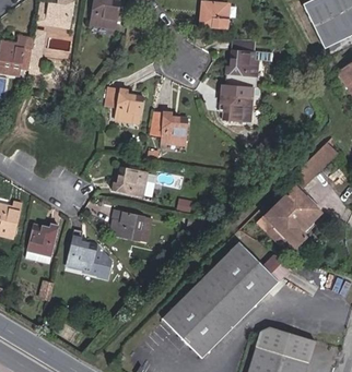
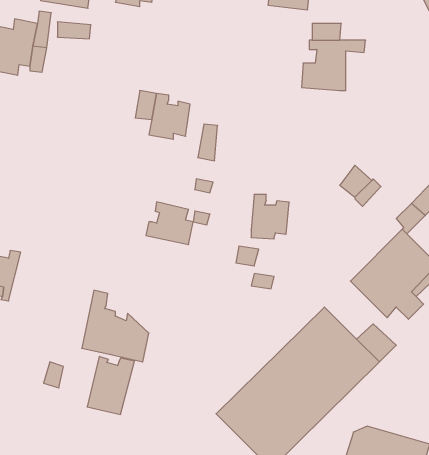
building: [219,85,250,123] -> none
building: [161,112,188,144] -> [251,195,289,239]
building: [112,211,152,242] -> none
building: [25,223,59,264] -> [87,356,134,414]

